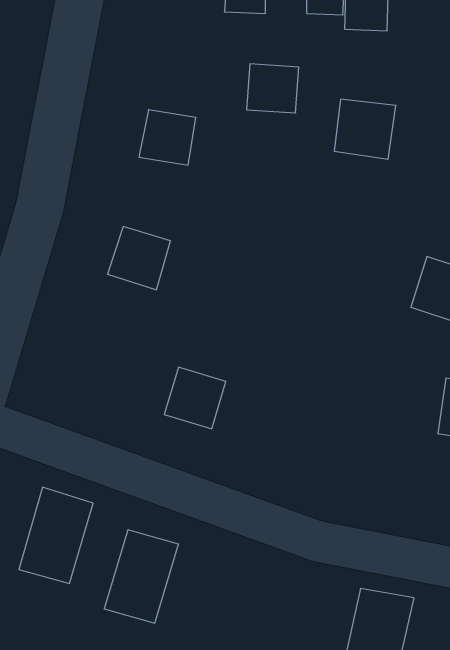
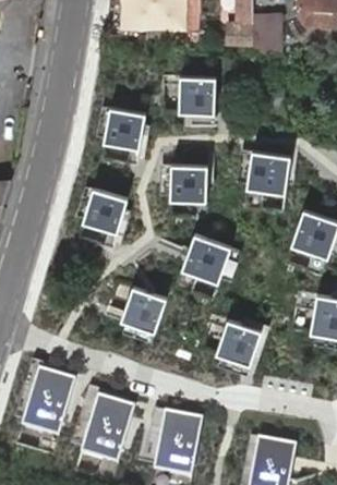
building: [334,99,396,159] -> [249,151,291,193]
building: none -> [171,165,207,199]
building: none -> [183,233,231,281]
building: none -> [217,320,262,363]
building: none -> [155,413,201,475]

